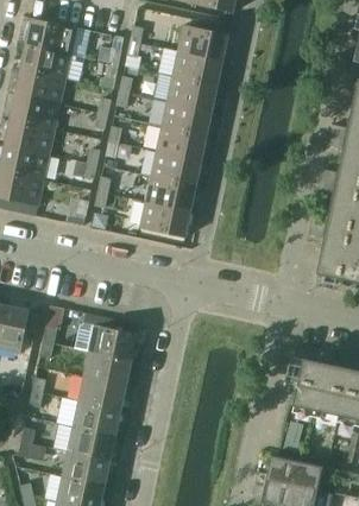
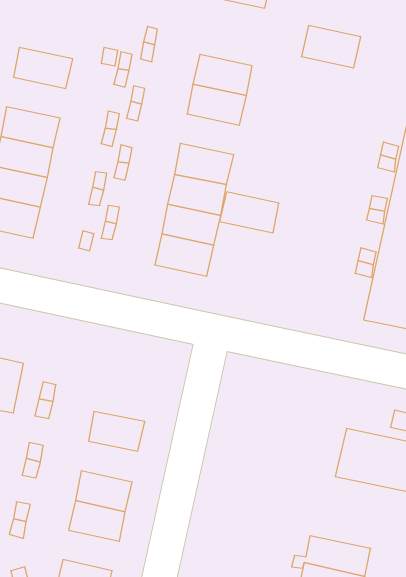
building: [25,18,76,55] -> none
building: [177,25,227,61] -> [301,25,361,68]
building: [14,70,64,105] -> none
building: [160,101,210,135] -> [220,192,279,233]
building: [88,324,137,360] -> none
building: [77,377,125,411] -> none
building: [62,451,109,486] -> none

